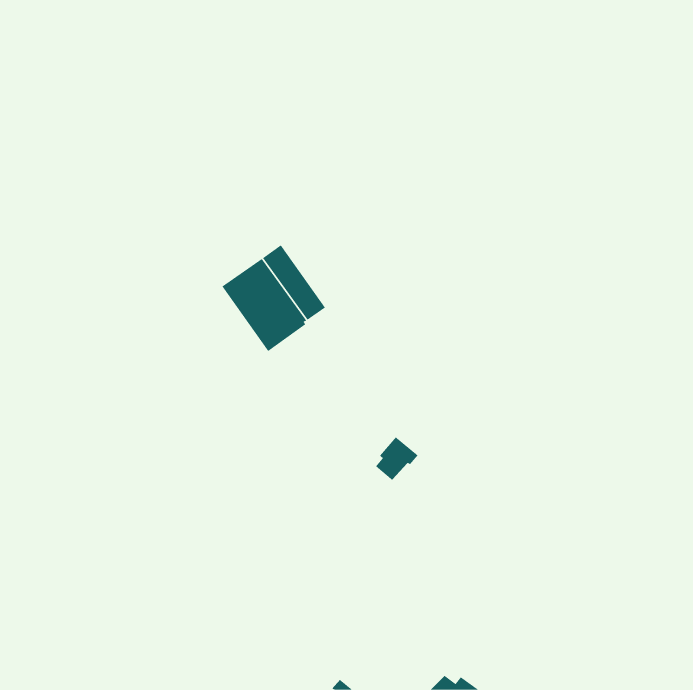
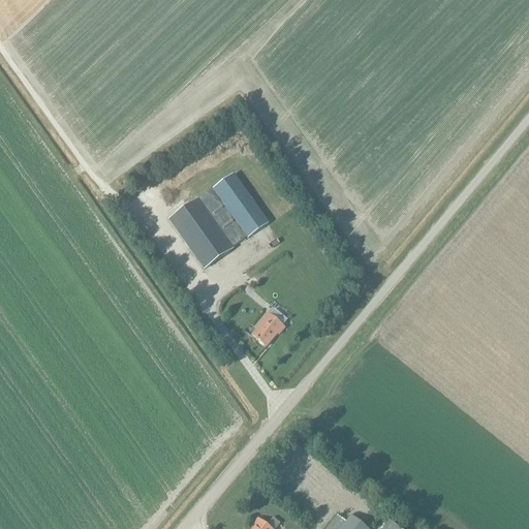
building: none -> [215,173,269,236]
building: [375,436,419,481] -> [253,311,286,345]

